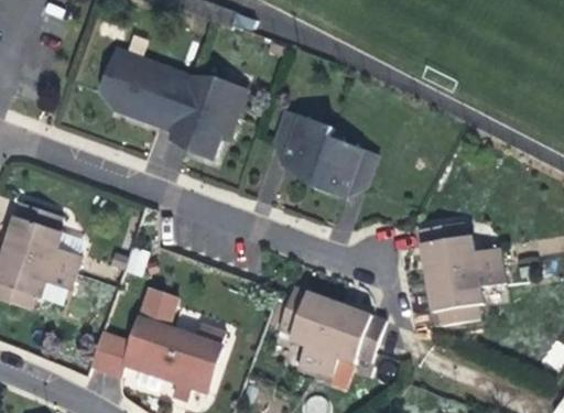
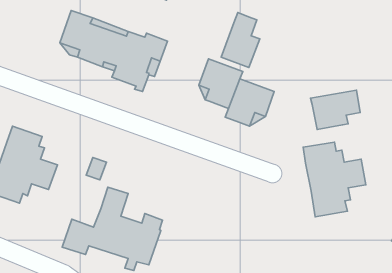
building: none -> [221,13,260,67]
building: none -> [311,90,360,130]
building: [276,285,388,383] -> none

